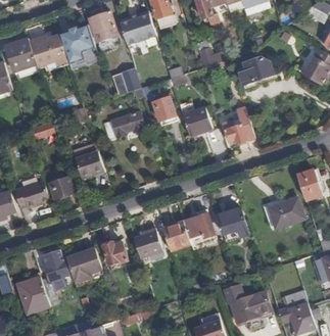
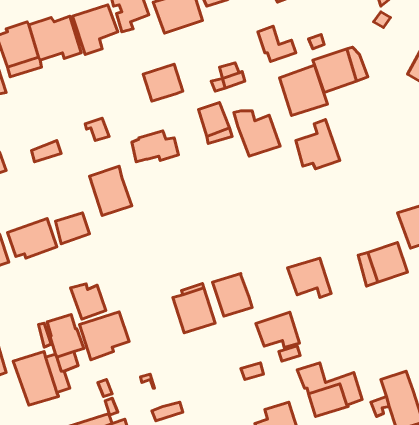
building: none -> [279,65,328,116]
building: [183,211,215,237] -> [256,312,300,348]
building: [102,240,128,266] -> [70,284,106,319]

